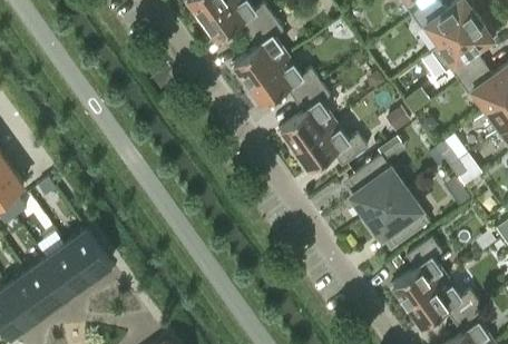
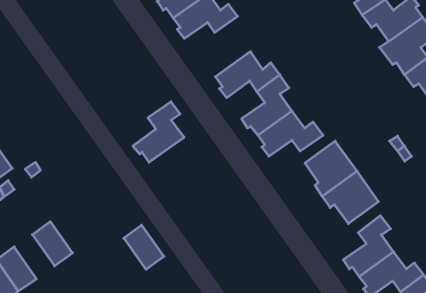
building: [231,19,287,86] -> [133,102,184,162]
building: [66,232,110,281] -> [124,225,164,269]
building: [26,261,70,309] -> none

